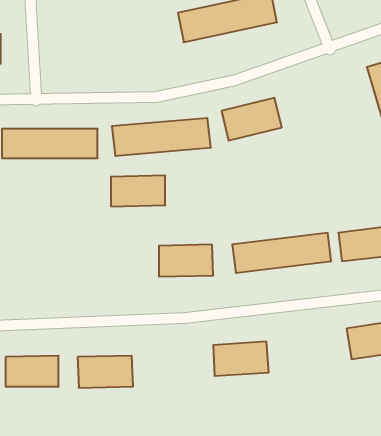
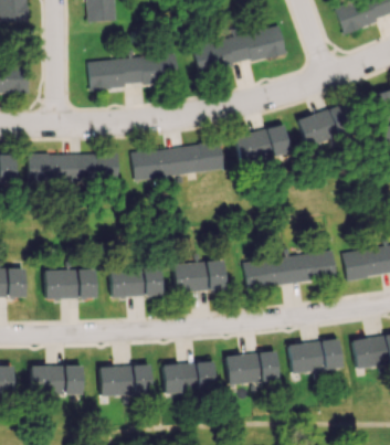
building: none -> [88,55,178,87]
building: none -> [297,105,351,148]
building: [111,176,165,206] -> [112,268,162,297]
building: none -> [45,268,96,299]
building: none -> [288,339,342,374]
building: none -> [164,362,214,394]

